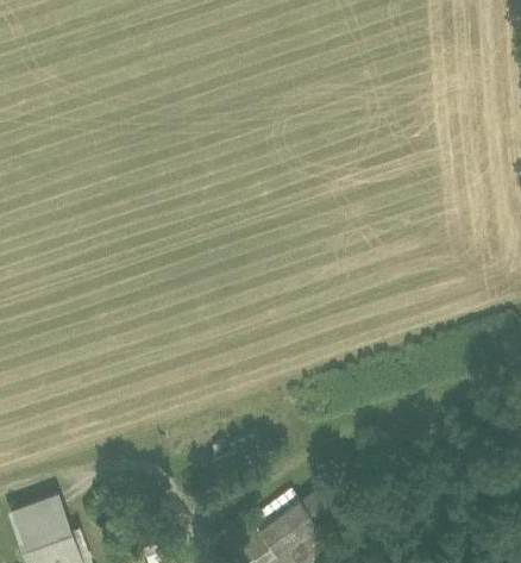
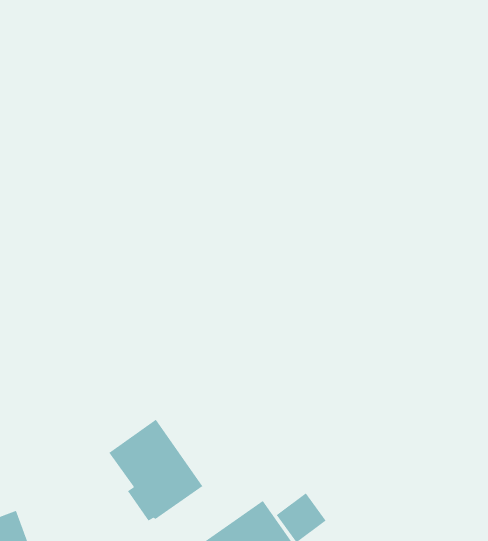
building: none -> [108,419,203,521]

